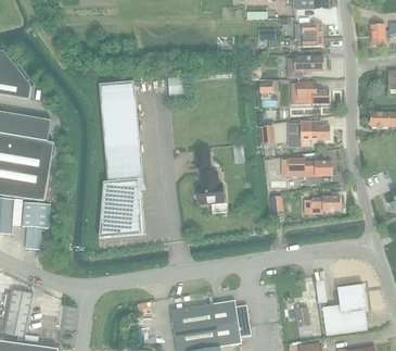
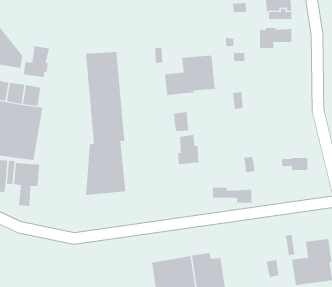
building: none -> [23,46,49,78]
building: [296,80,329,103] -> none
building: none -> [165,55,215,96]
building: [288,121,329,139] -> none
building: [288,158,331,175] -> [212,187,252,203]

